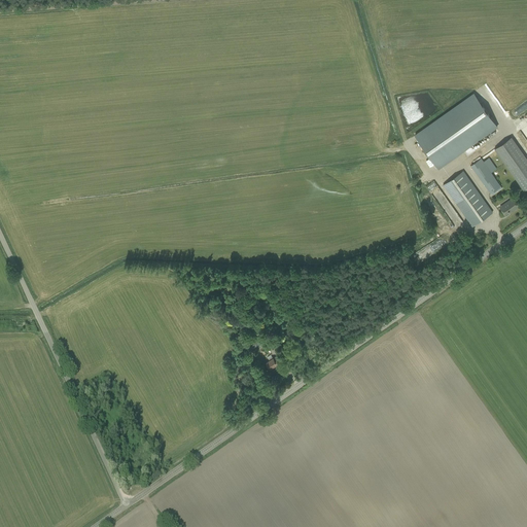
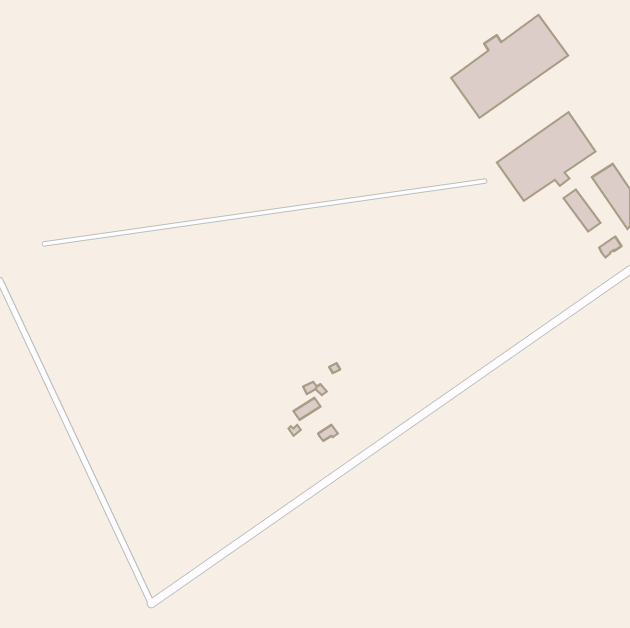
building: none -> [451,15,568,118]
building: [443,172,492,227] -> none

